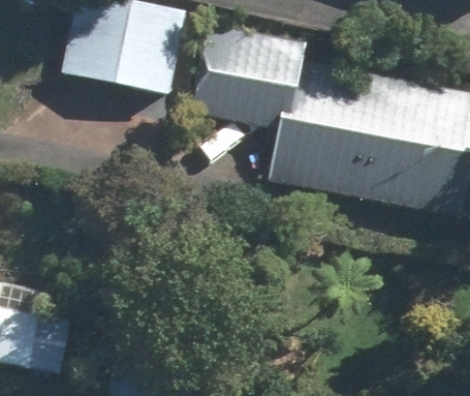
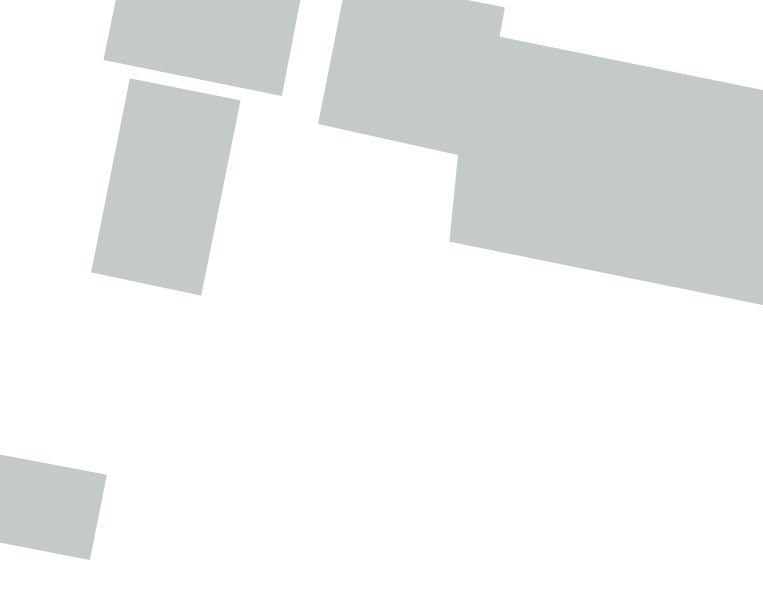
building: none -> [90,78,242,297]

